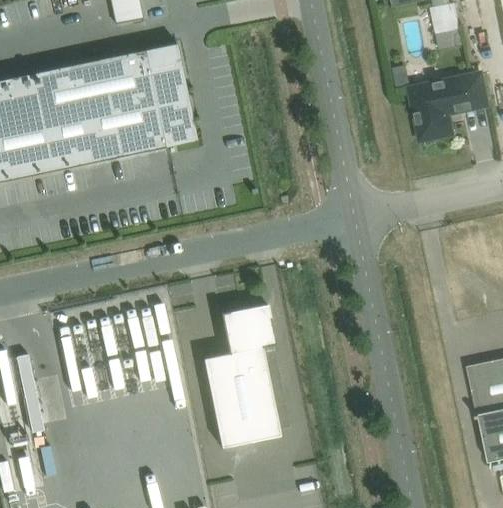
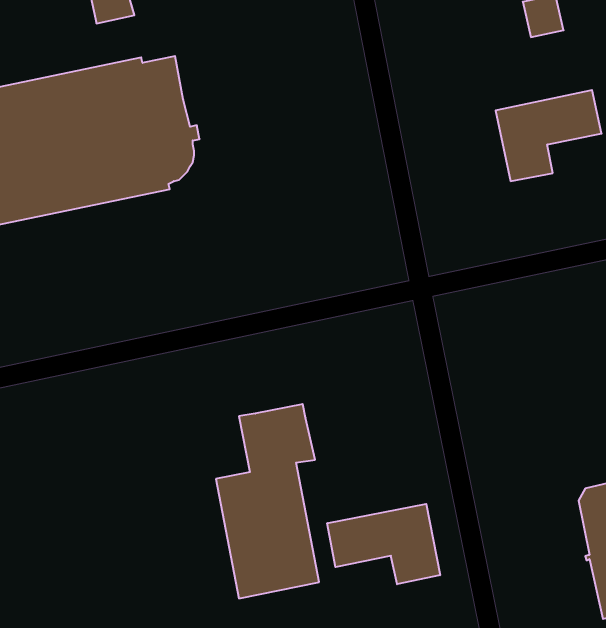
building: none -> [327,504,440,584]

